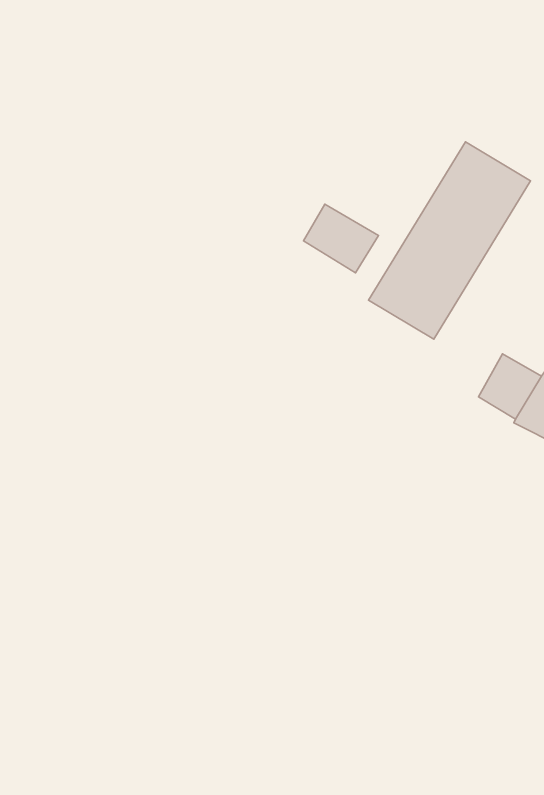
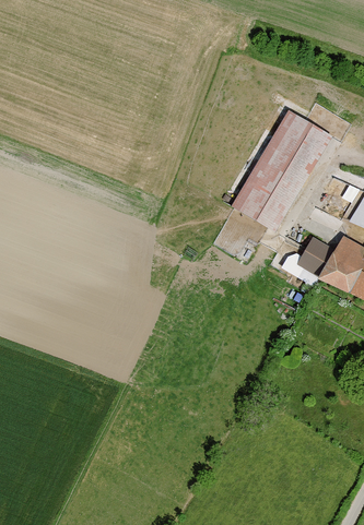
building: [304,204,379,273] -> none

